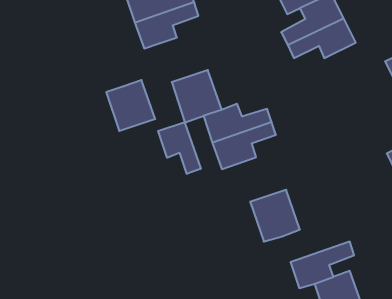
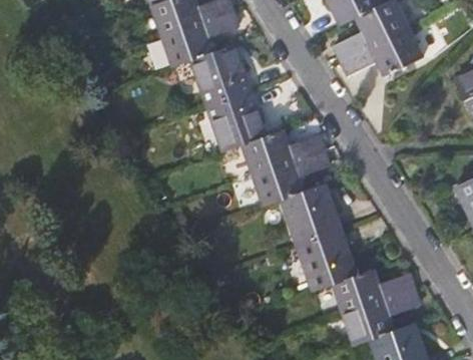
building: [106,80,155,131] -> [190,45,248,104]
building: [158,122,201,174] -> none
building: none -> [282,185,339,244]
building: none -> [334,270,413,314]

